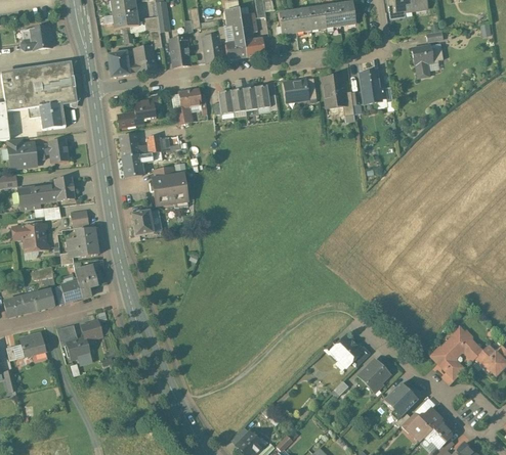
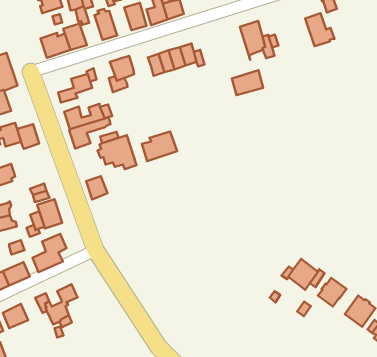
building: [359,70,386,103] -> [305,13,334,46]
building: [284,78,315,100] -> [232,70,263,95]
building: none -> [142,131,177,161]
building: [54,176,75,200] -> [17,124,39,149]

